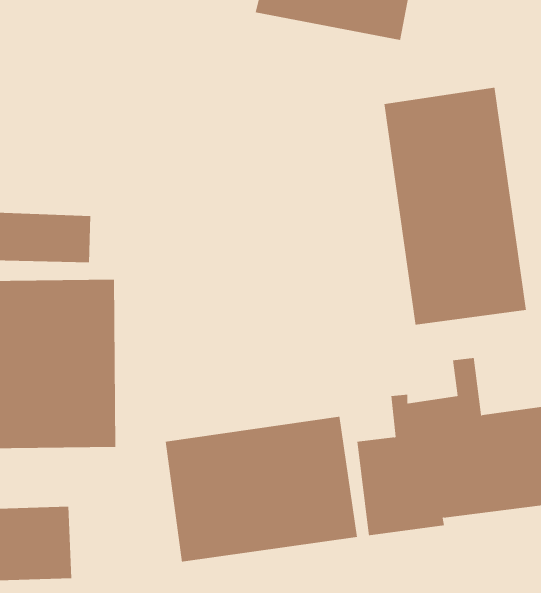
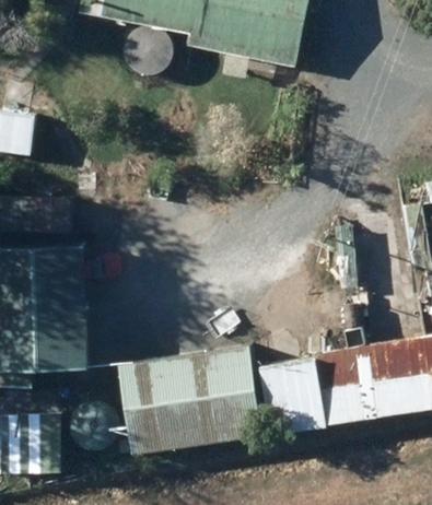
building: [384,87,526,326] -> none

